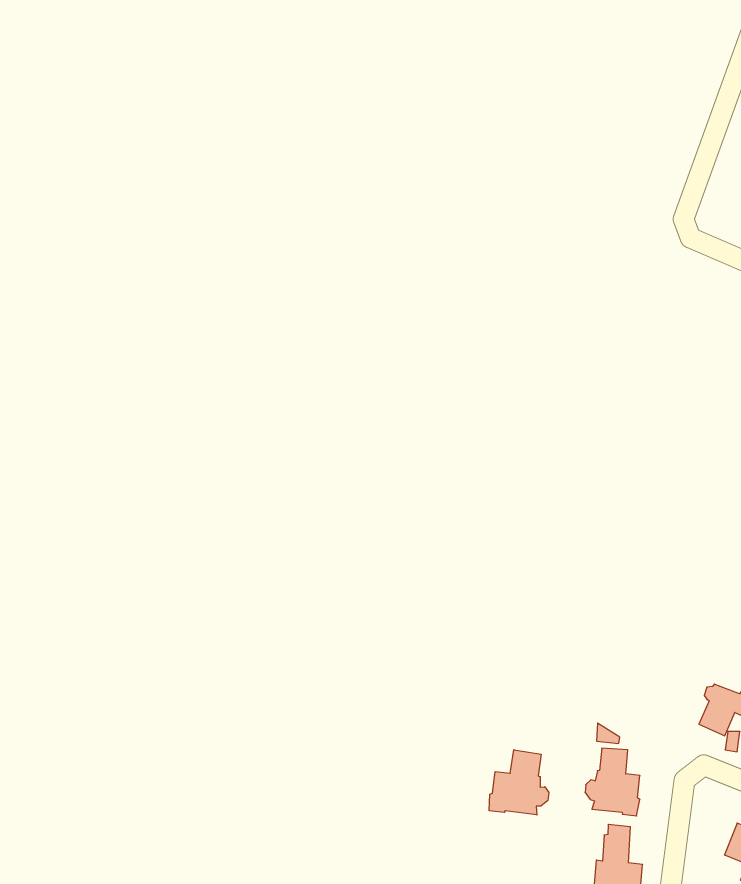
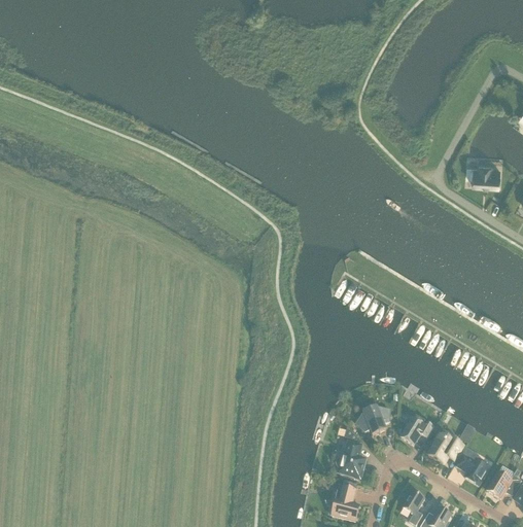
building: none -> [356,402,389,433]
building: [489,750,549,815] -> none

